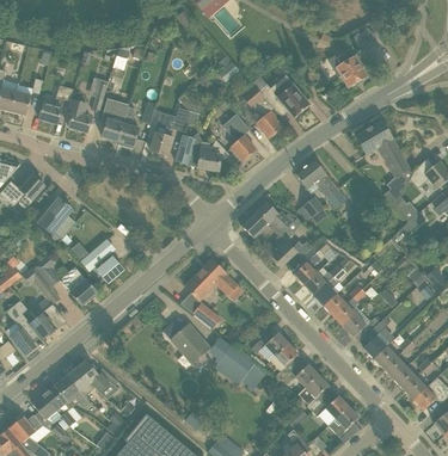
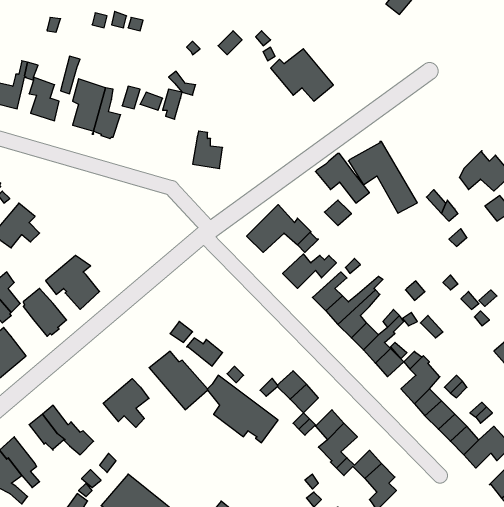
building: [329,53,367,86] -> none
building: [241,85,282,137] -> none
building: [222,113,256,160] -> none
building: [355,119,410,177] -> [348,141,417,213]
building: [149,123,173,155] -> none
building: [174,133,202,167] -> none
building: [184,259,238,300] -> none
building: none -> [103,379,149,427]
building: [55,375,92,407] -> none

